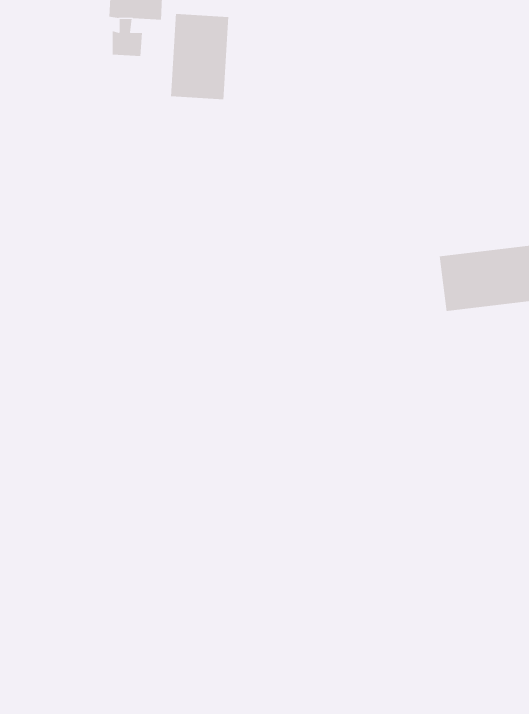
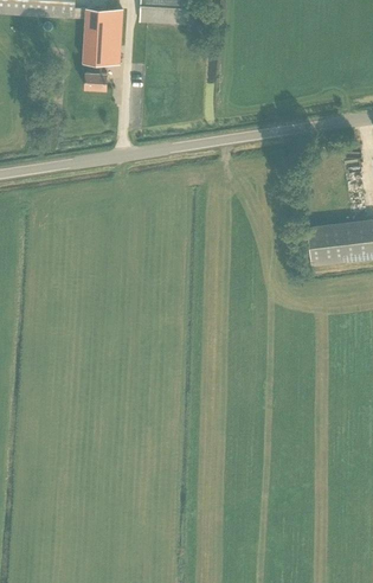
building: [171,13,229,100] -> none

